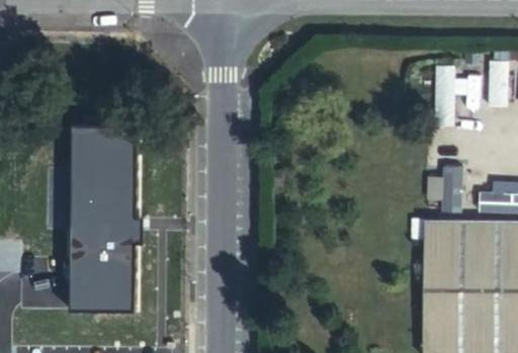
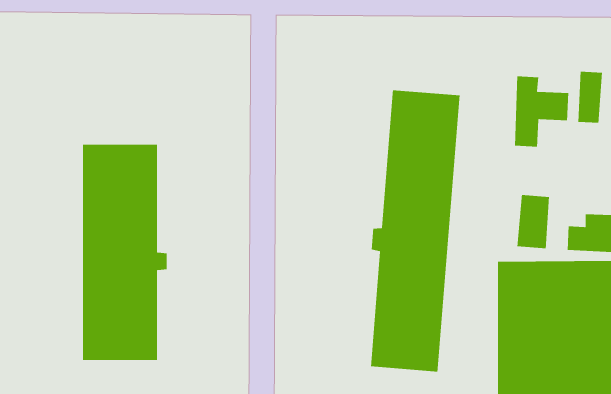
building: none -> [370,89,460,372]

